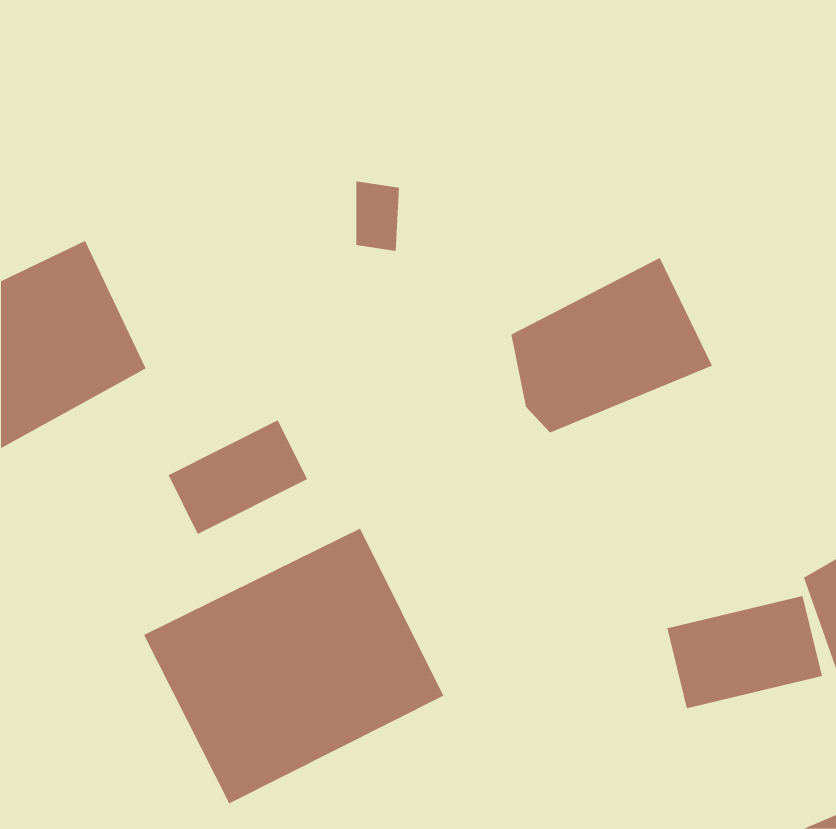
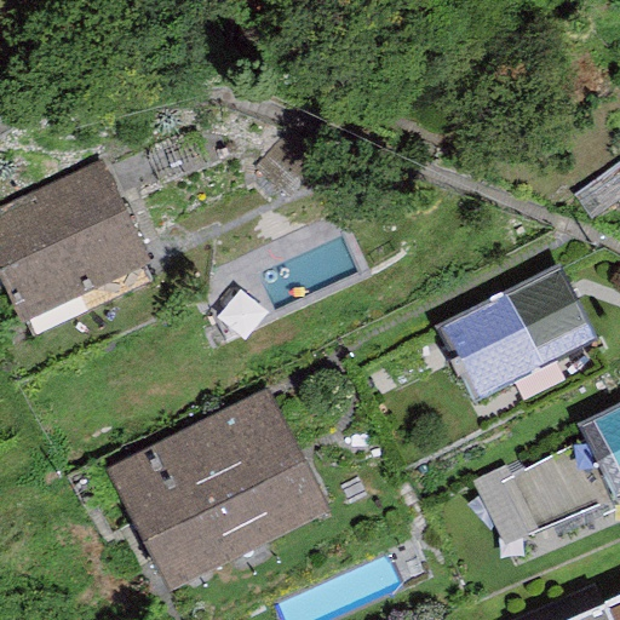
building: [510,257,713,433] -> [446,265,595,395]
building: [168,420,308,535] -> none

